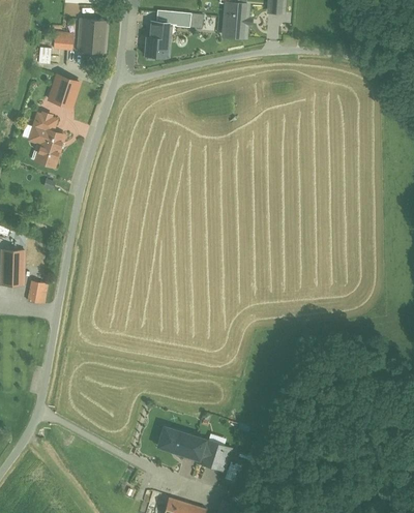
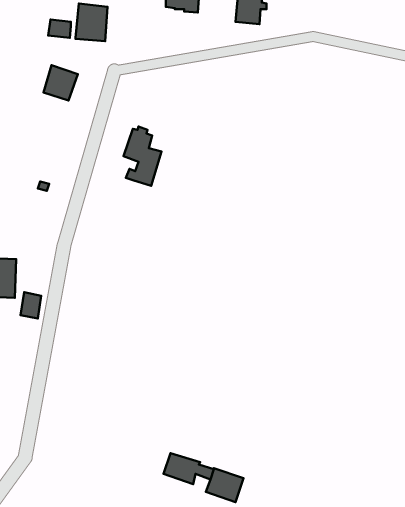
building: [145,22,168,60] -> none
building: [29,112,63,165] -> [124,127,161,186]

